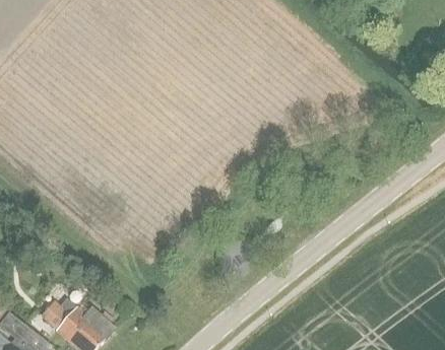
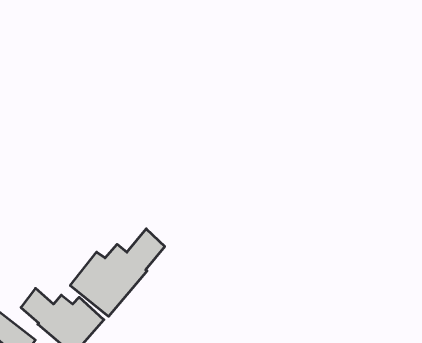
building: none -> [70,229,165,316]

